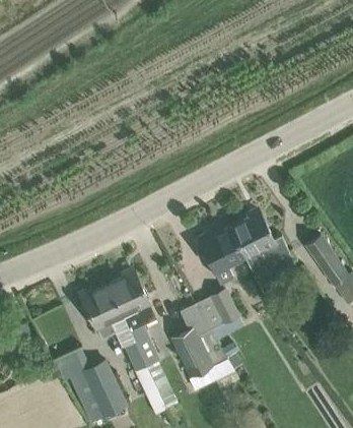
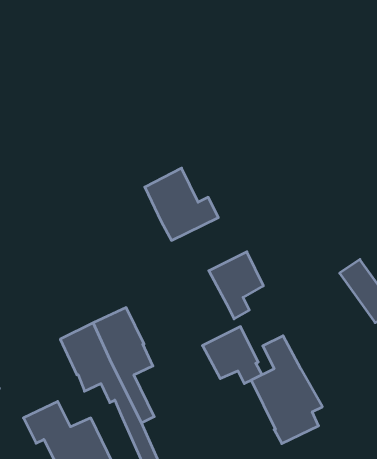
building: [231,212,290,270] -> [145,168,218,240]
building: [170,303,227,389] -> [251,336,322,444]

